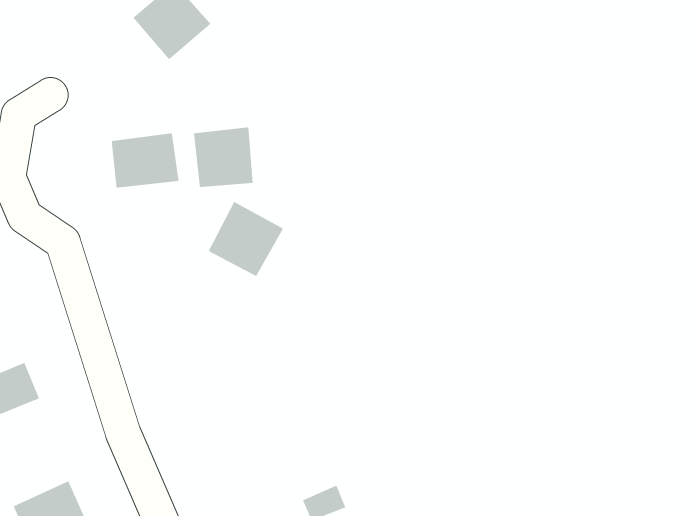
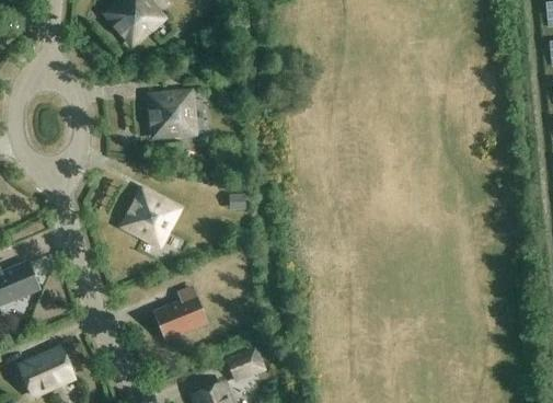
building: [111,133,179,188] -> none
building: [208,201,284,277] -> [123,189,177,244]
building: none -> [154,287,206,338]

